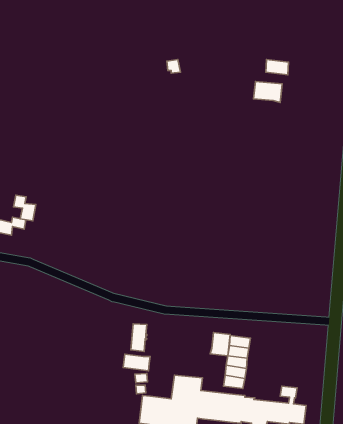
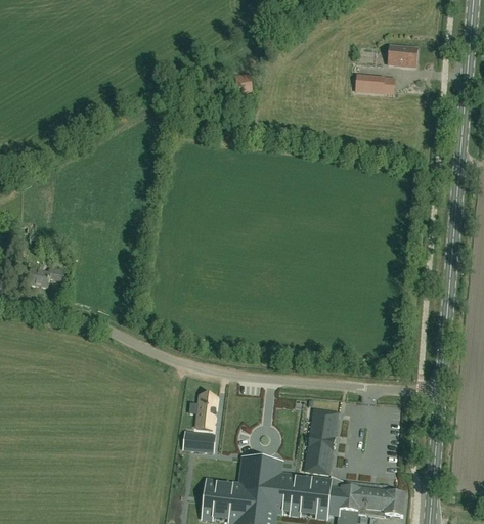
building: none -> [388,46,417,67]
building: [254,81,282,102] -> none
building: [14,195,36,221] -> none
building: [210,332,230,356] -> none

